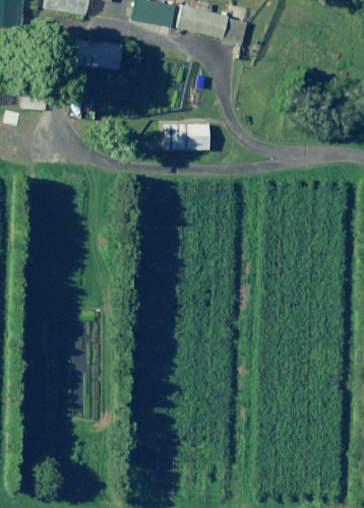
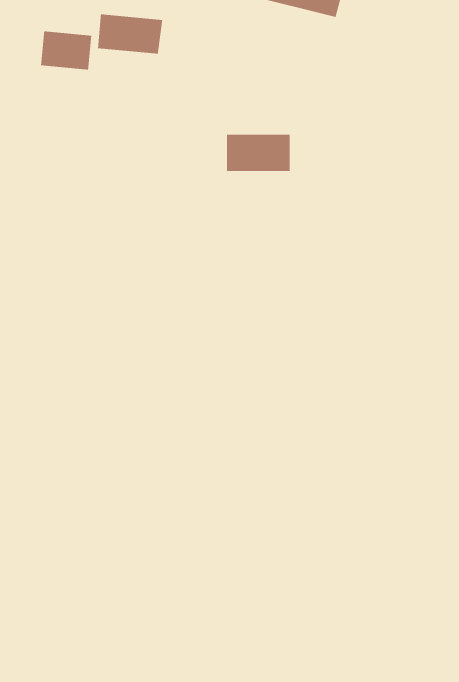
building: none -> [40,31,92,70]

